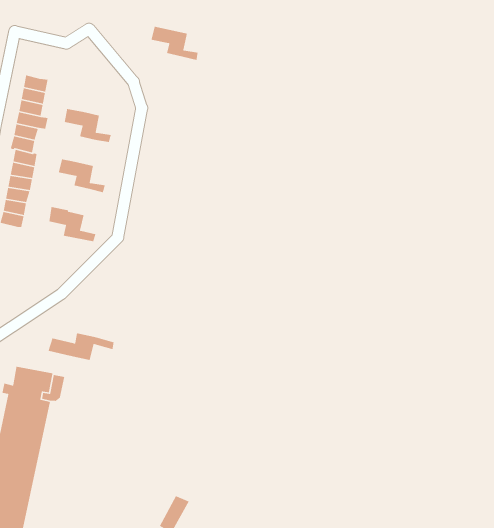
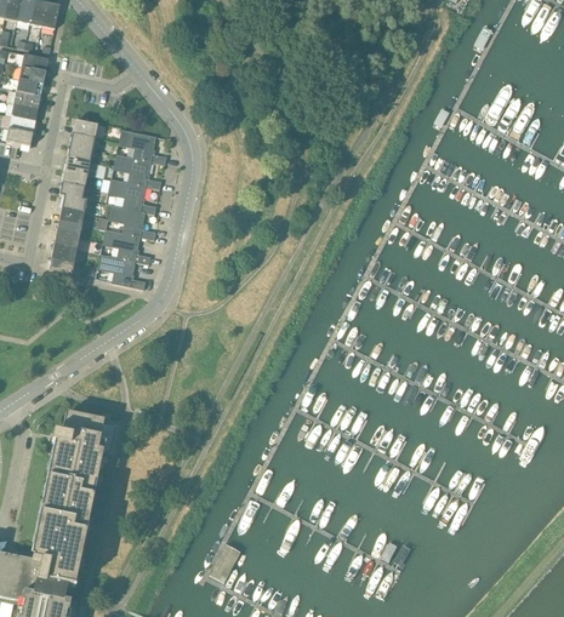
building: [150,26,198,61] -> [118,128,166,164]
building: none -> [108,177,155,213]
building: none -> [102,228,149,263]
building: [48,332,115,361] -> none

